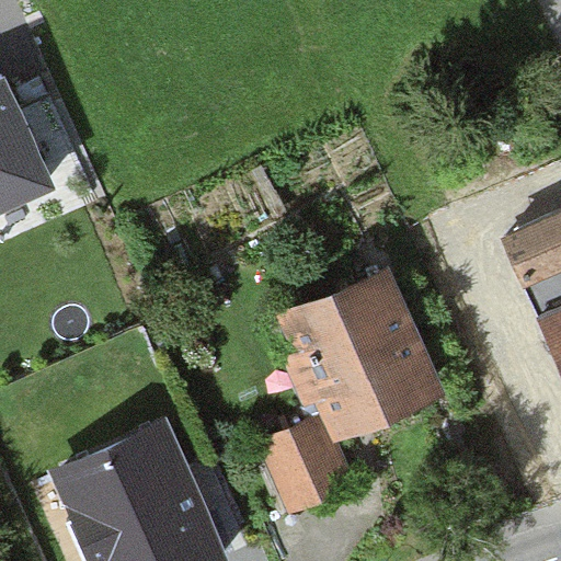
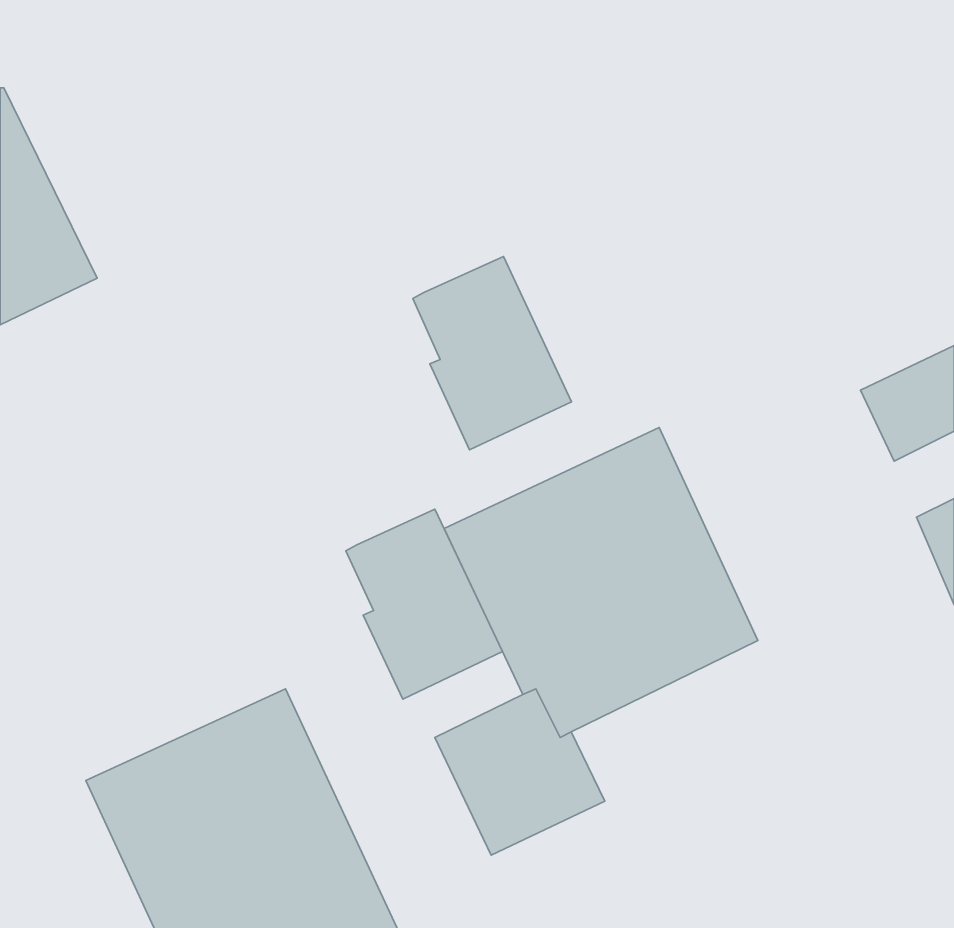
building: none -> [413,257,572,450]
building: none -> [346,509,502,699]

